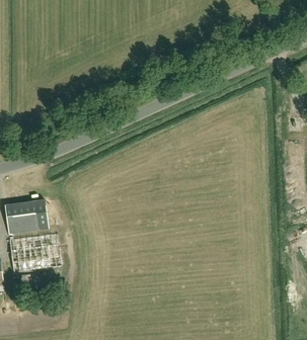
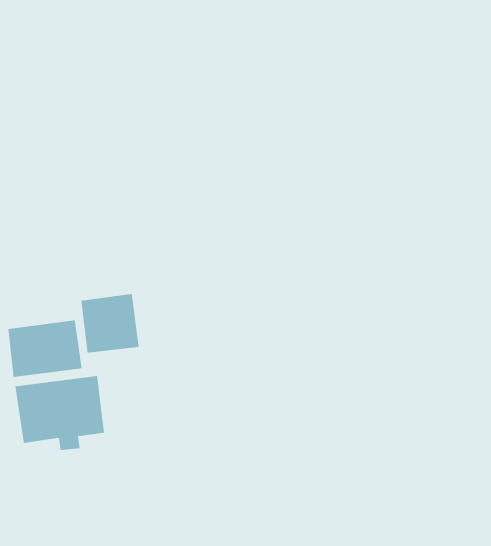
building: none -> [81,293,139,353]

